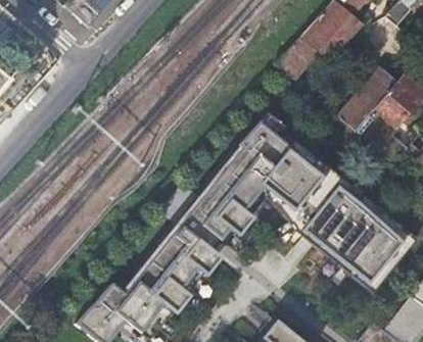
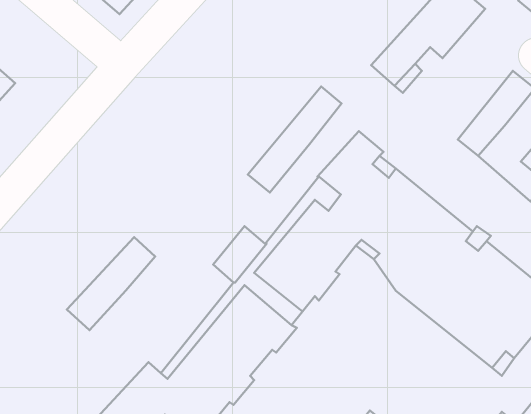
building: none -> [248,87,341,192]
building: none -> [67,237,155,330]

